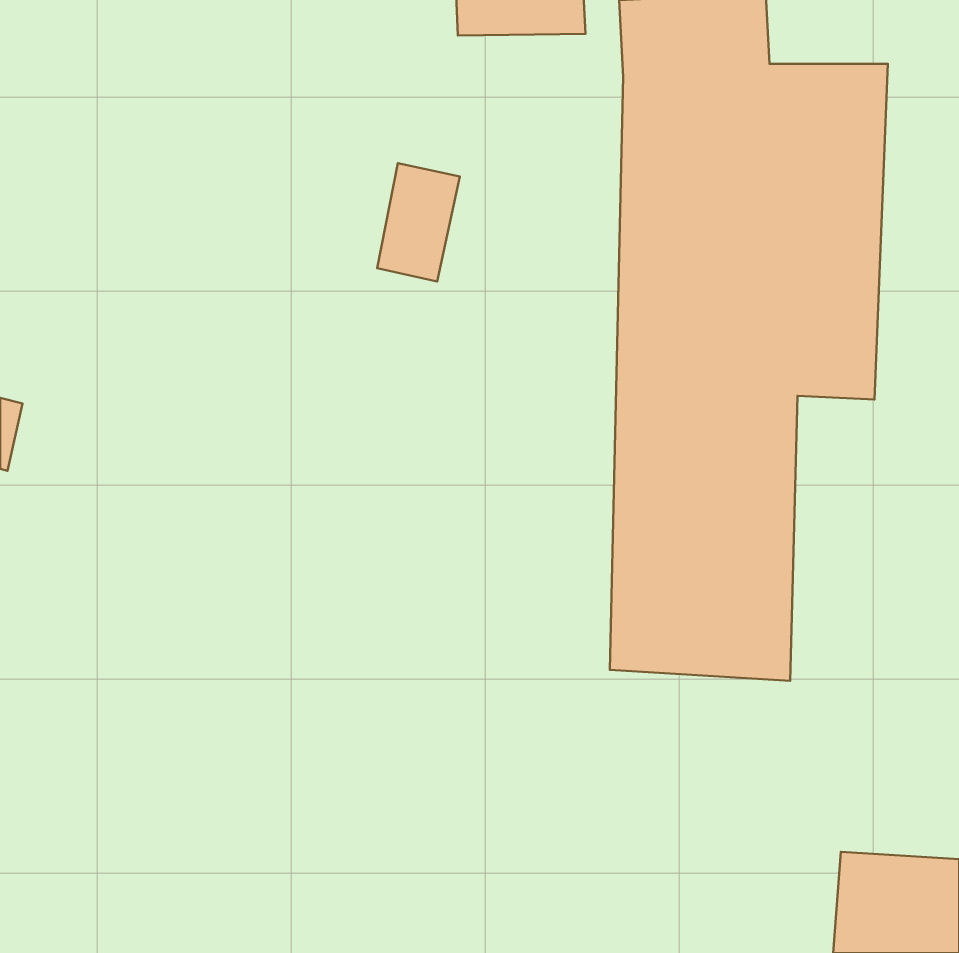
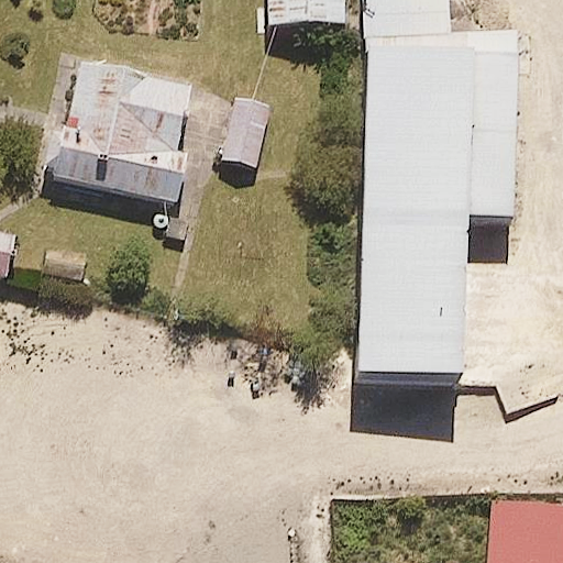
building: none -> [43,59,190,202]

